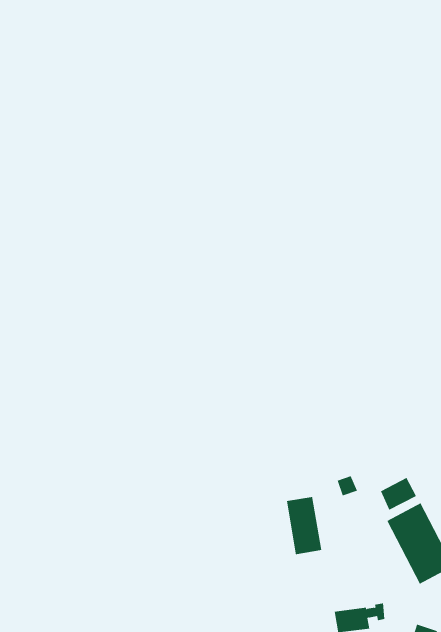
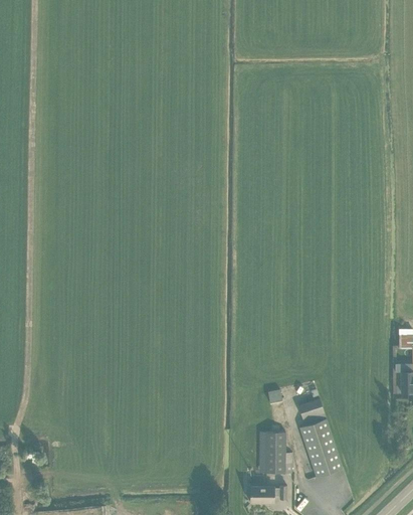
building: [286,496,322,555] -> [262,431,282,471]

